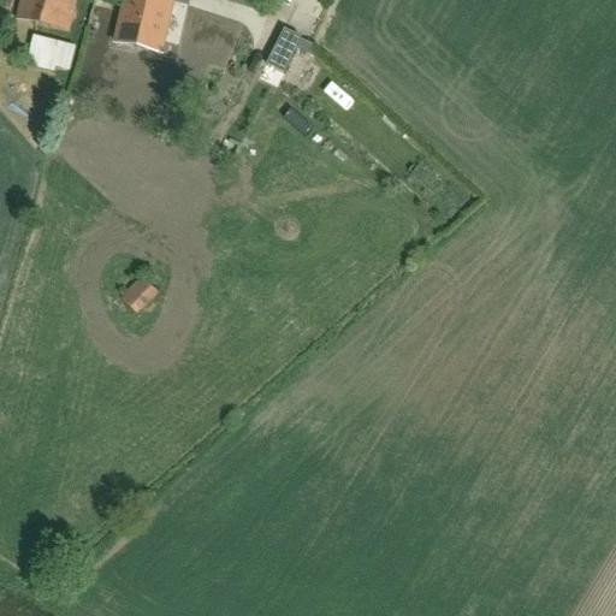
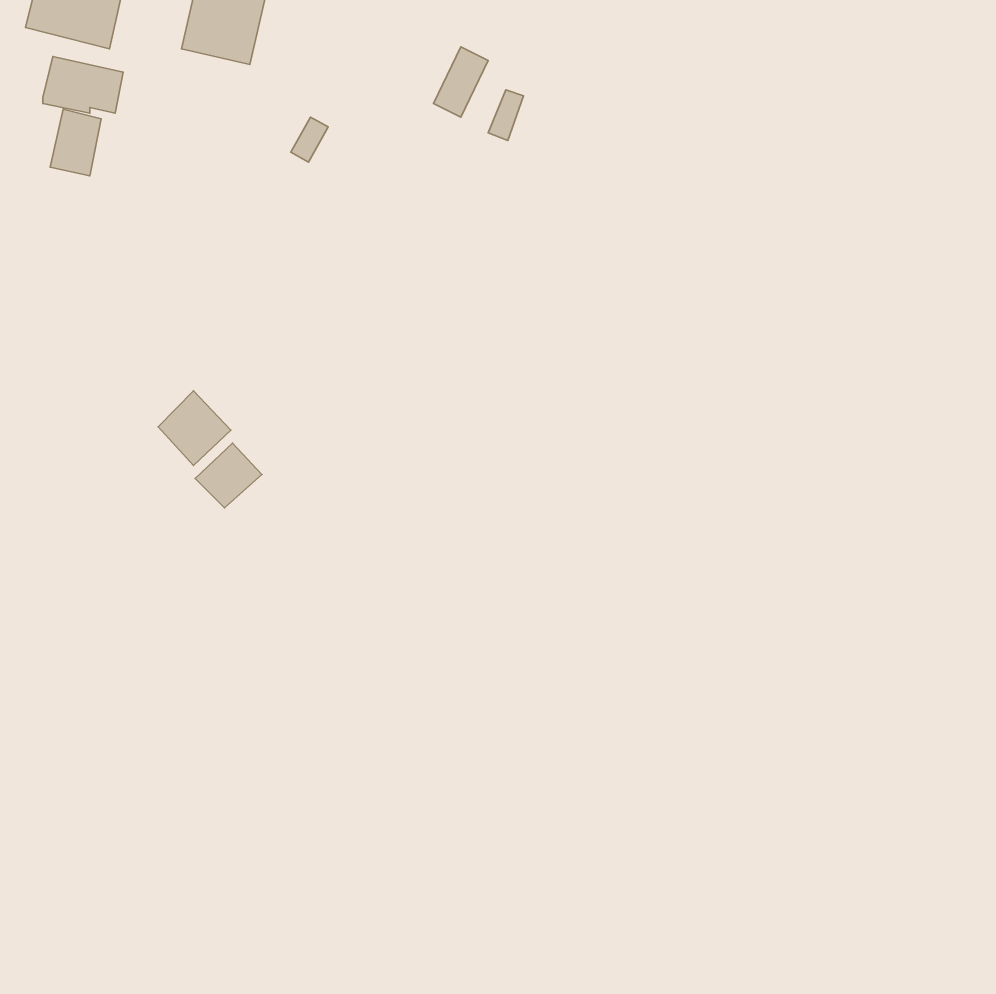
building: none -> [50,109,101,176]
building: none -> [158,391,231,466]

